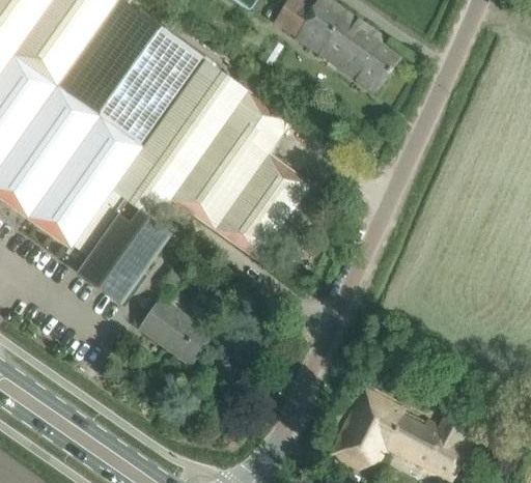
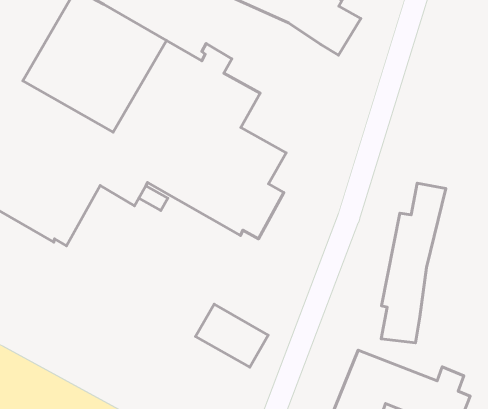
building: [83,197,168,295] -> none
building: none -> [381,183,446,343]
building: [138,297,211,364] -> [196,304,268,367]

